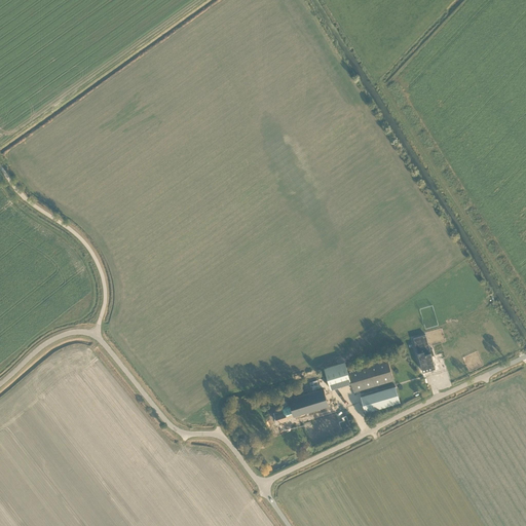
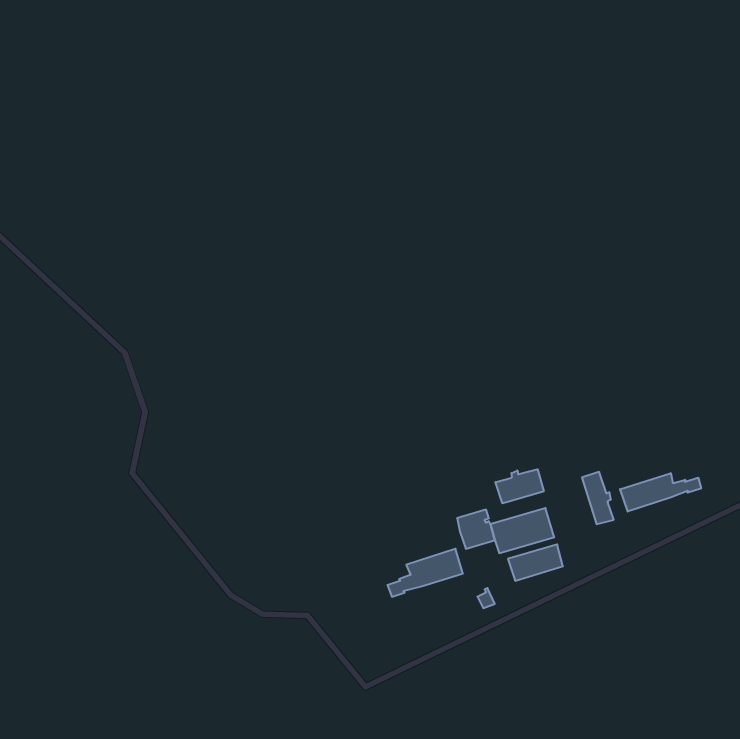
building: none -> [495,469,544,503]
building: none -> [620,473,701,512]

